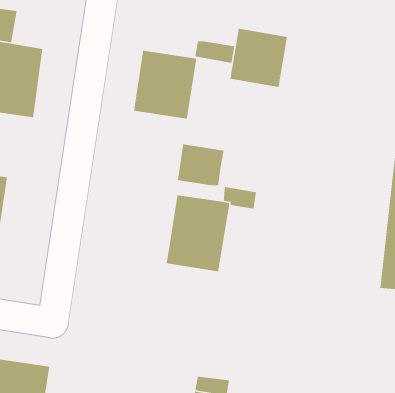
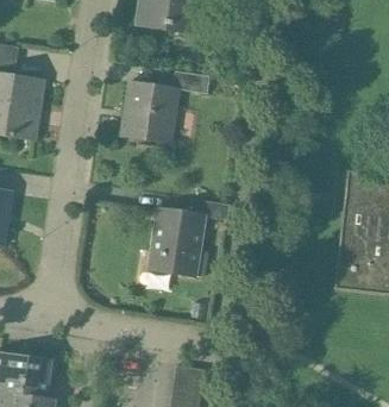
building: [230,28,288,88] -> none
building: [177,144,224,186] -> none

